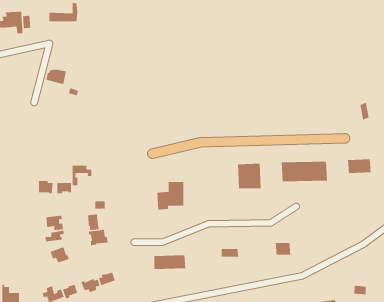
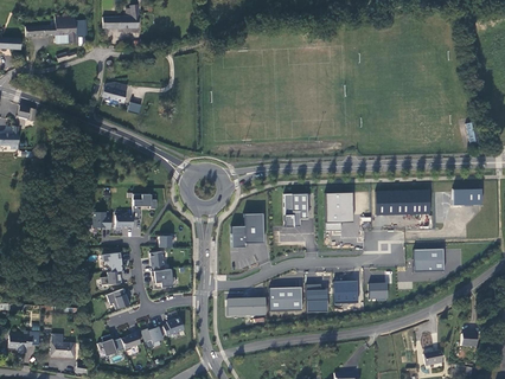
building: none -> [285,193,308,226]
building: none -> [414,250,443,274]
building: none -> [333,281,358,306]
building: none -> [269,288,302,311]

